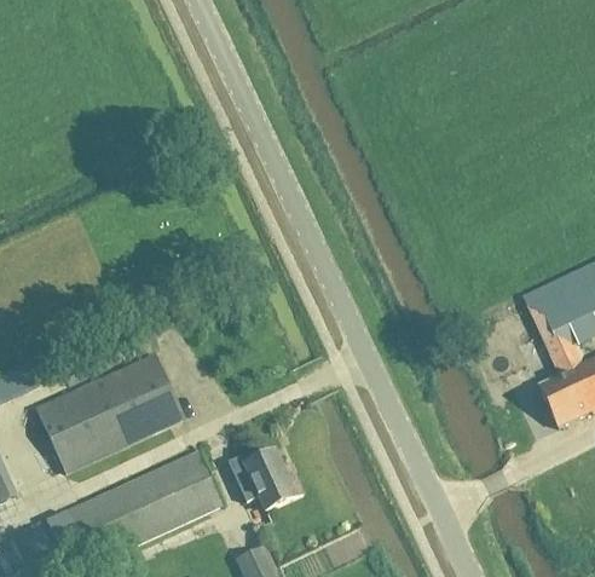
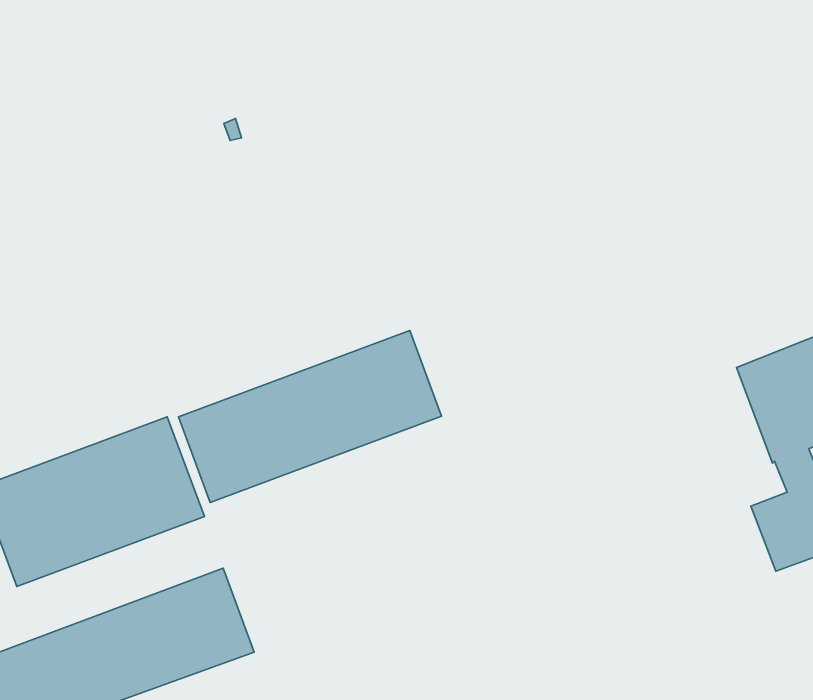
building: none -> [178,330,442,503]
building: [229,449,302,510] -> none

